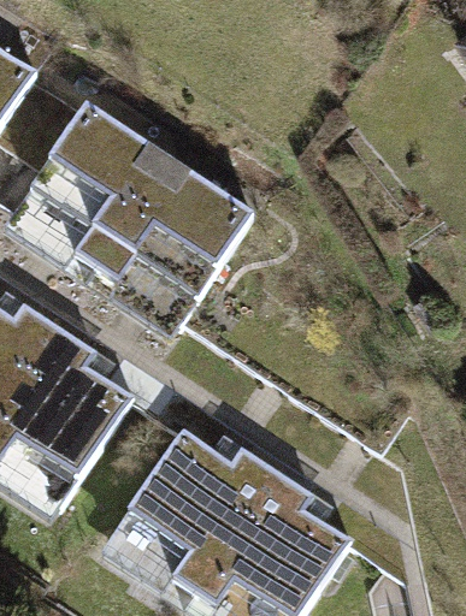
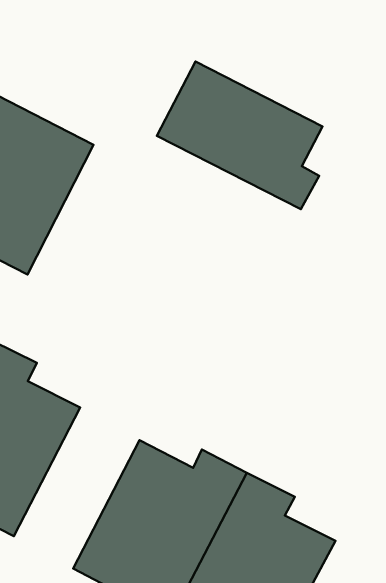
building: none -> [157,62,322,209]
building: [96,160,252,326] -> none

